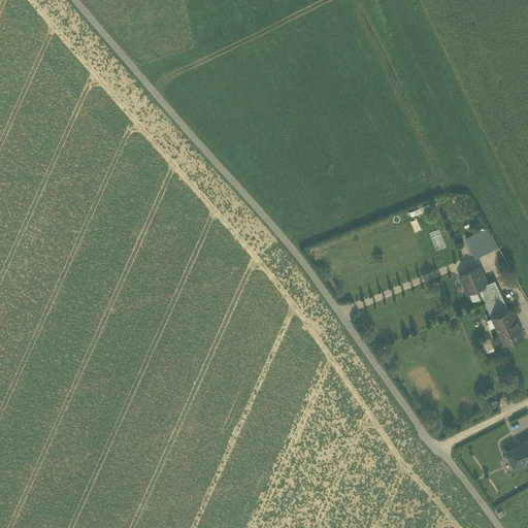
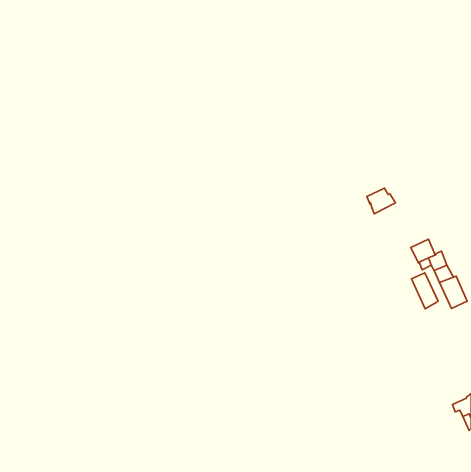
building: [465,229,497,258] -> [367,188,396,214]
building: none -> [412,273,438,309]

